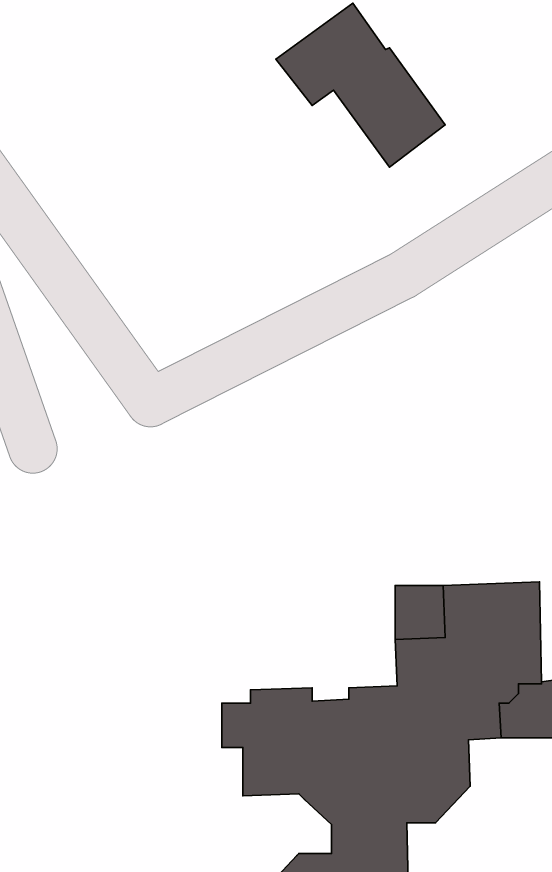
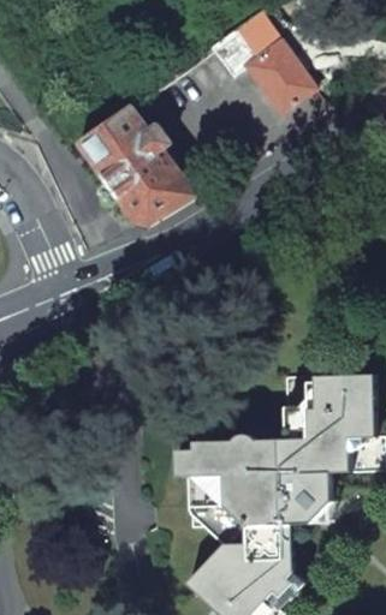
building: none -> [77,103,200,226]
building: none -> [189,504,244,543]

